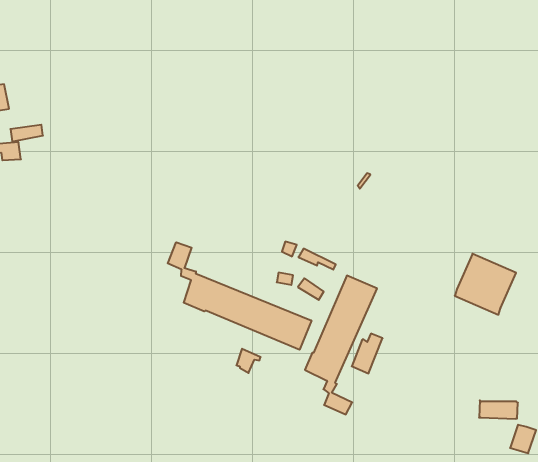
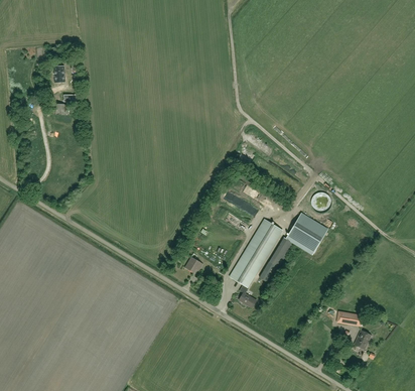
building: [168,242,311,350] -> none
building: [455,254,516,315] -> [286,213,327,254]

